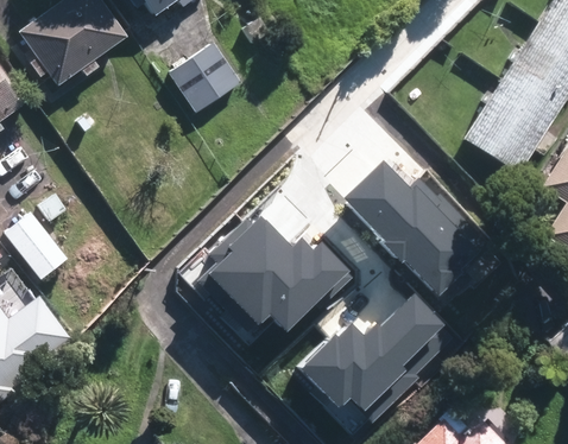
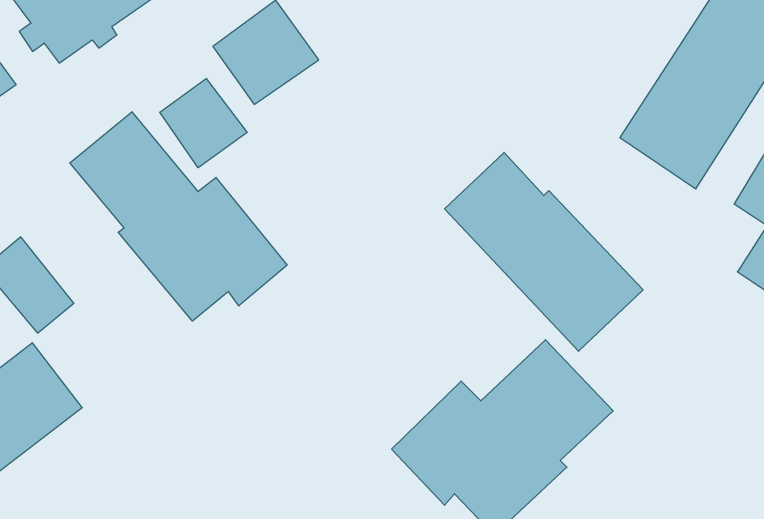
building: none -> [160,78,247,168]
building: none -> [70,112,287,321]
building: [202,213,345,325] -> none

